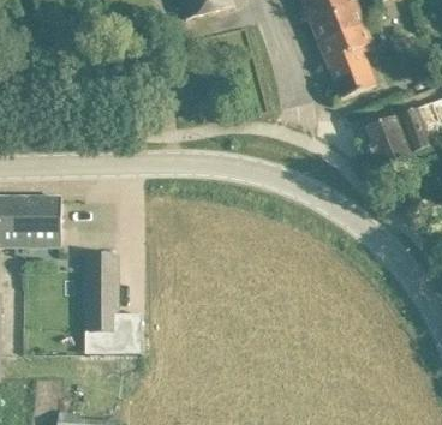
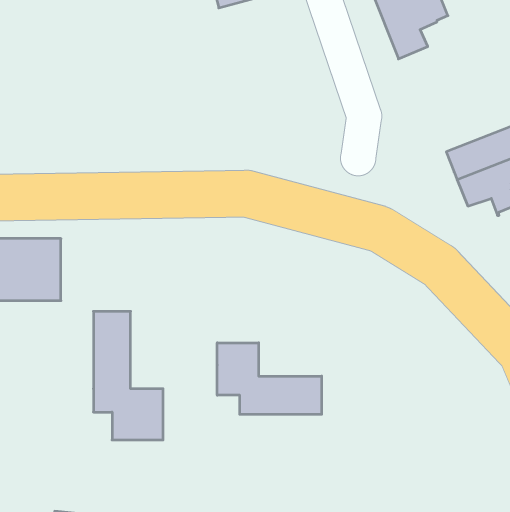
building: [322,22,372,96] -> none
building: none -> [217,343,322,414]

